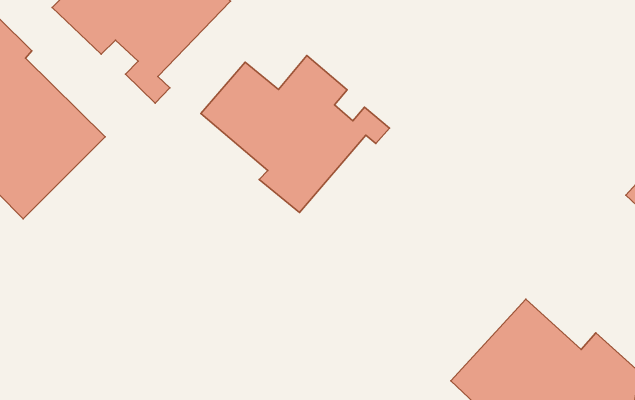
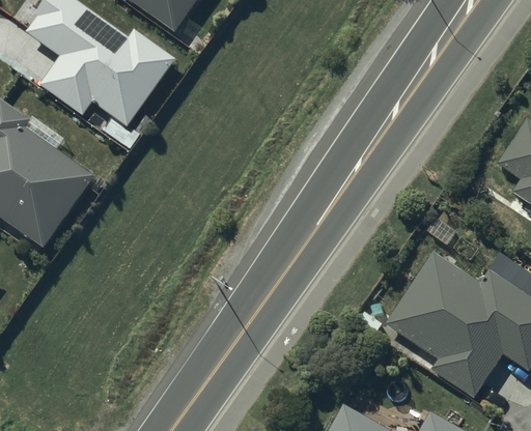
building: [201,56,390,212] -> none

